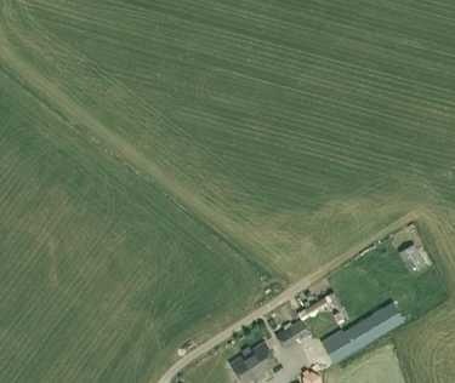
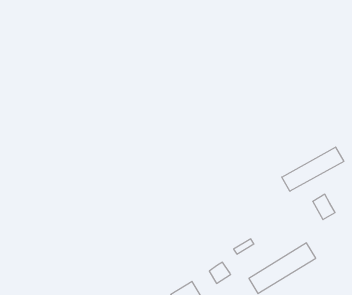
building: none -> [282,147,344,191]

